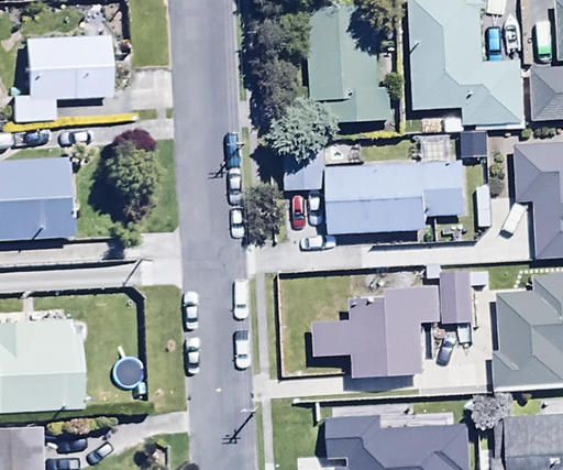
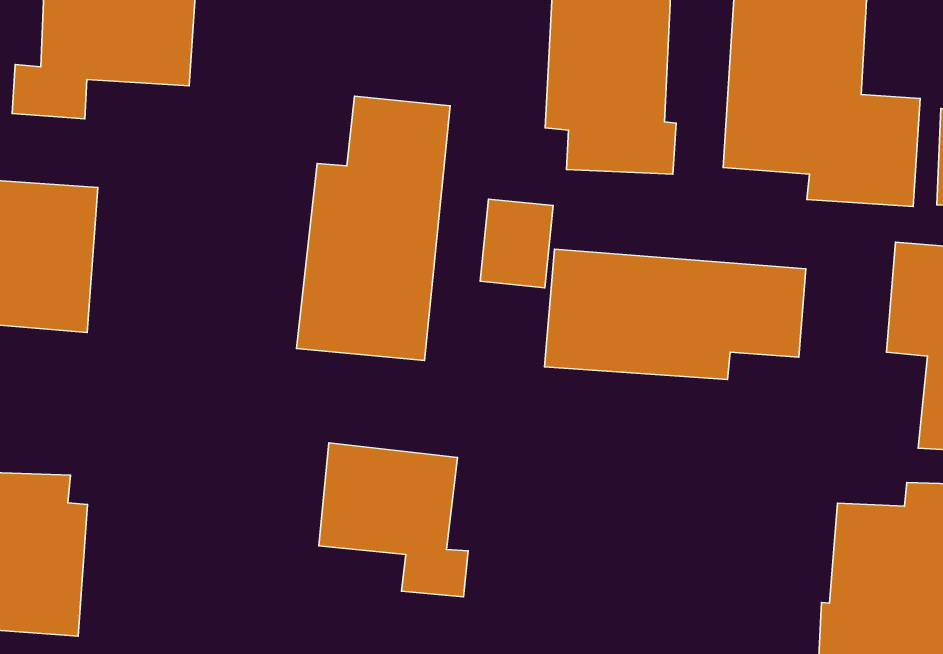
building: none -> [297,96,450,360]
building: [313,271,472,378] -> none
building: none -> [319,443,468,597]

